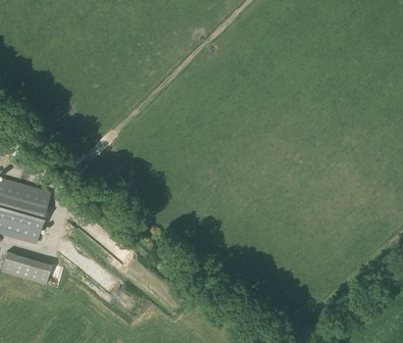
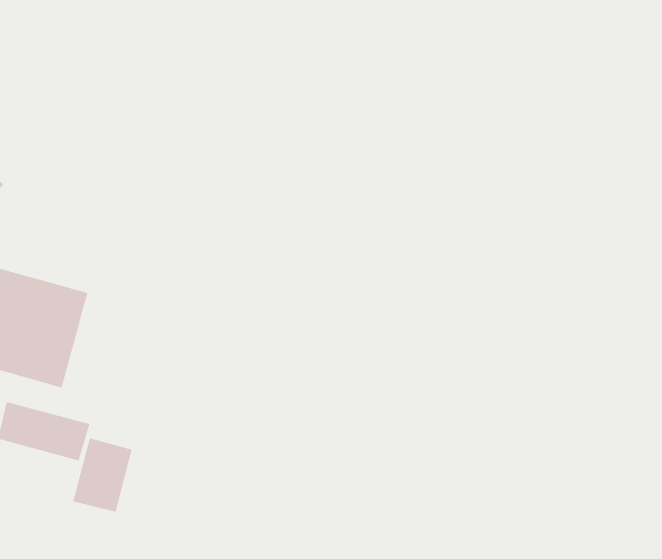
building: none -> [72,437,132,512]

